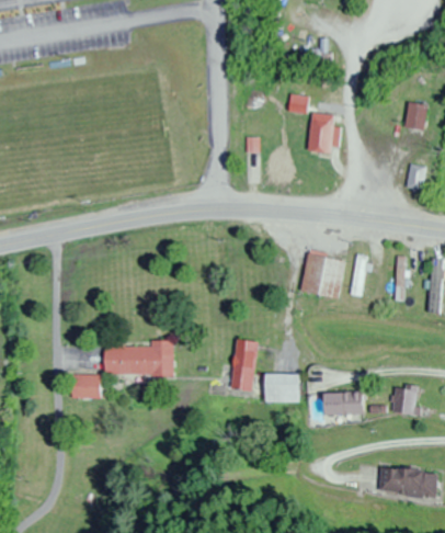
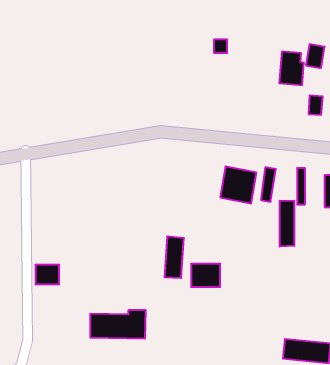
building: [310,112,341,154] -> [279,51,304,85]
building: none -> [280,201,294,247]
building: [104,340,173,375] -> [90,310,146,339]
building: [393,385,418,413] -> none
building: [322,390,362,413] -> none

